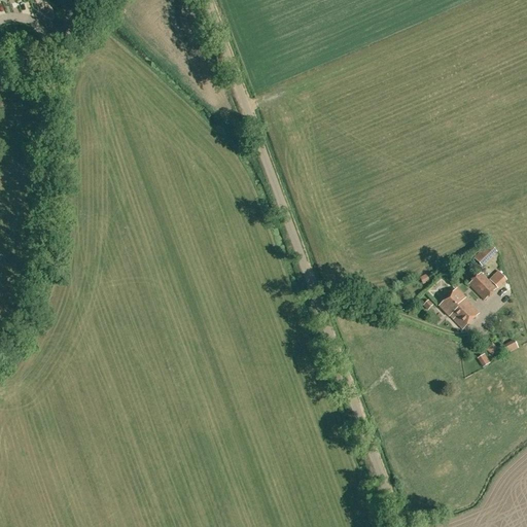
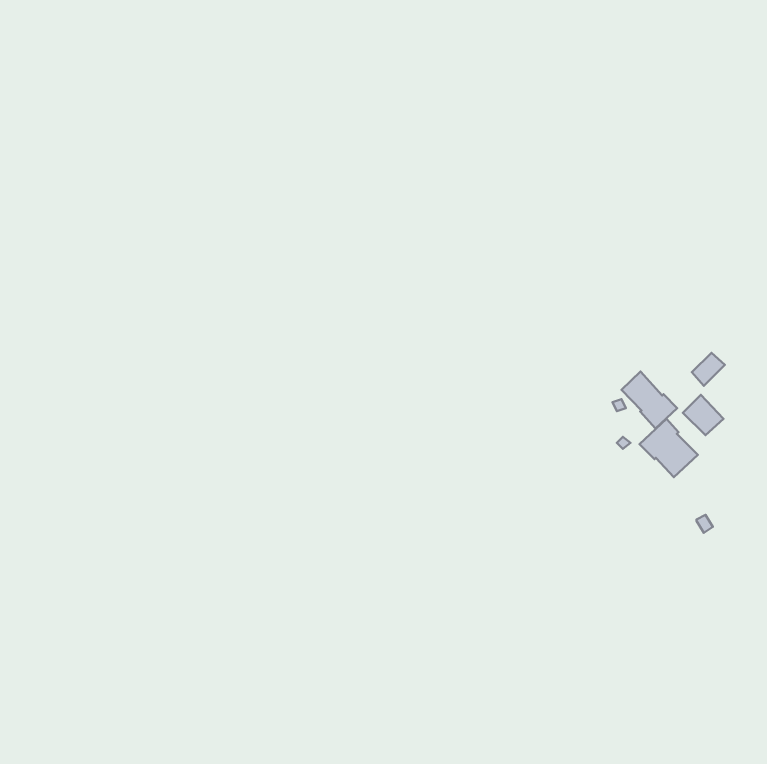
building: none -> [622,372,677,429]

